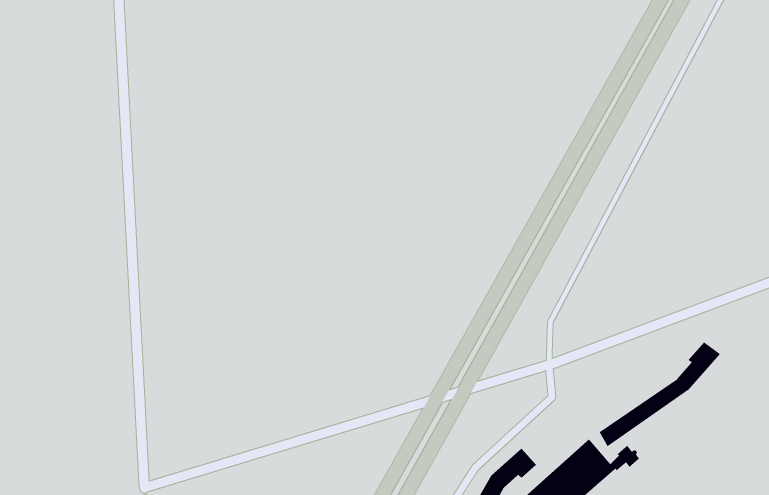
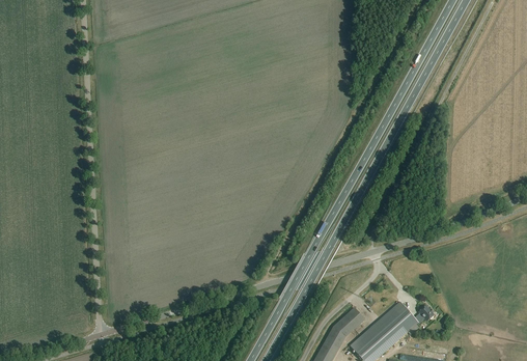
building: [599,342,721,447] -> none

